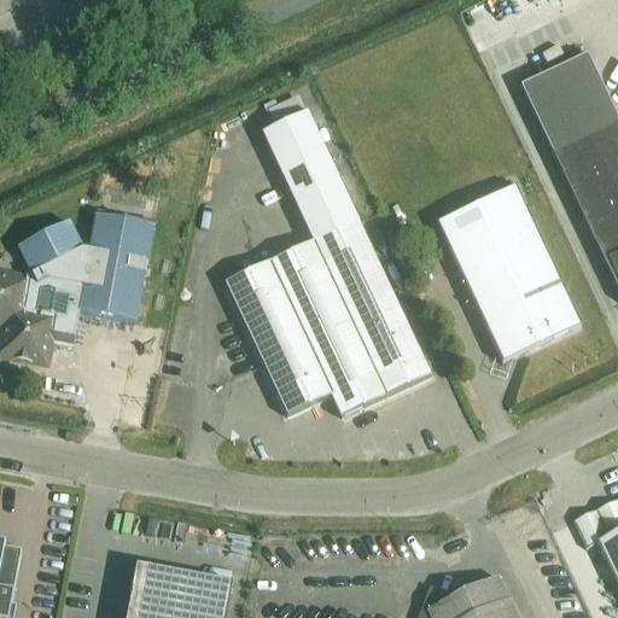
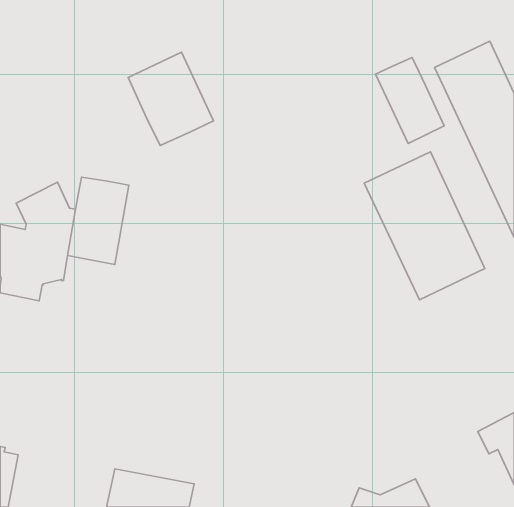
building: none -> [128,52,213,146]
building: none -> [376,58,444,144]
building: [226,109,431,414] -> none

